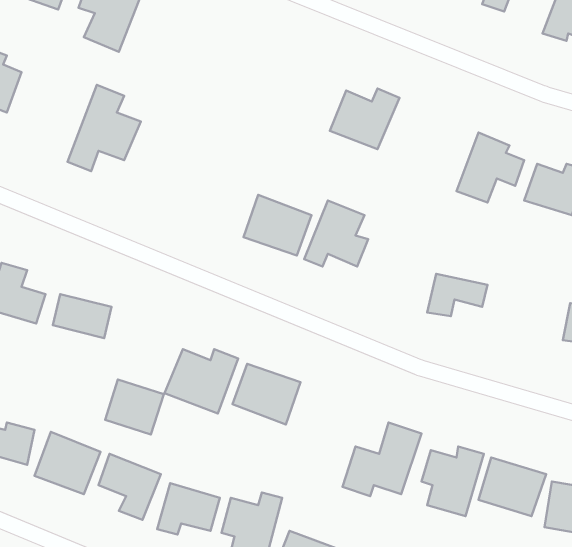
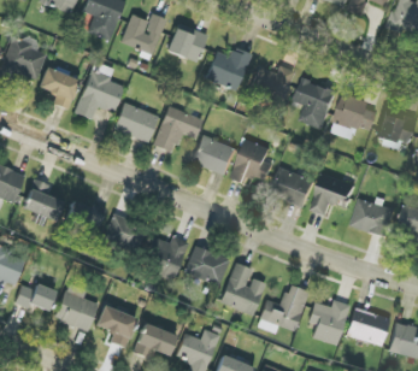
building: none -> [120,13,165,54]
building: none -> [166,28,206,61]
building: none -> [206,47,252,90]
building: none -> [37,67,78,110]
building: none -> [295,78,336,129]
building: none -> [114,104,157,141]
building: none -> [153,106,202,153]
building: none -> [270,166,316,206]
building: none -> [352,199,395,236]
building: [105,379,164,435] -> [104,214,142,251]
building: none -> [220,263,265,316]

